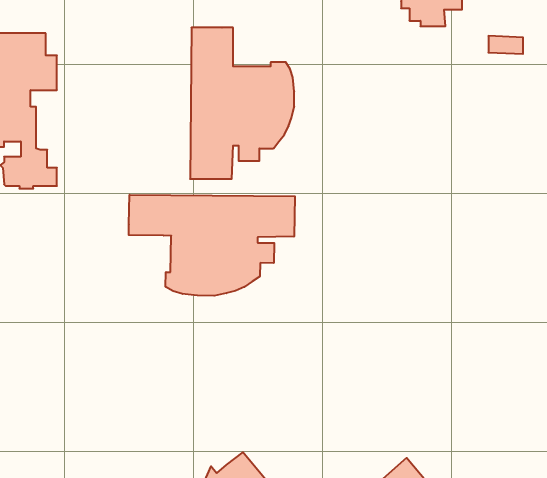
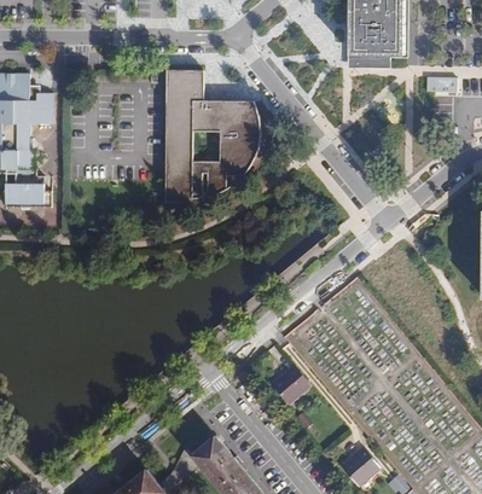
building: [129,195,295,296] -> none
building: none -> [273,367,312,407]

